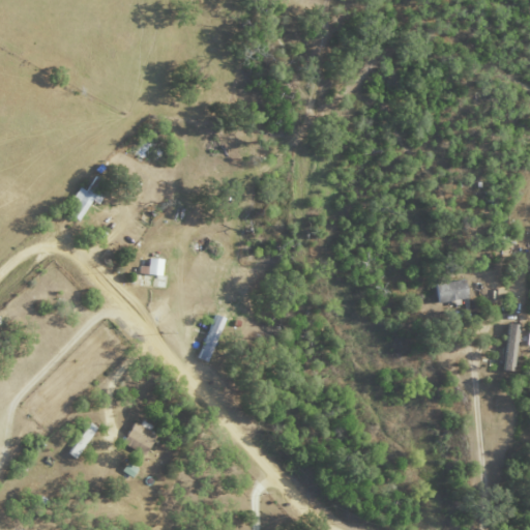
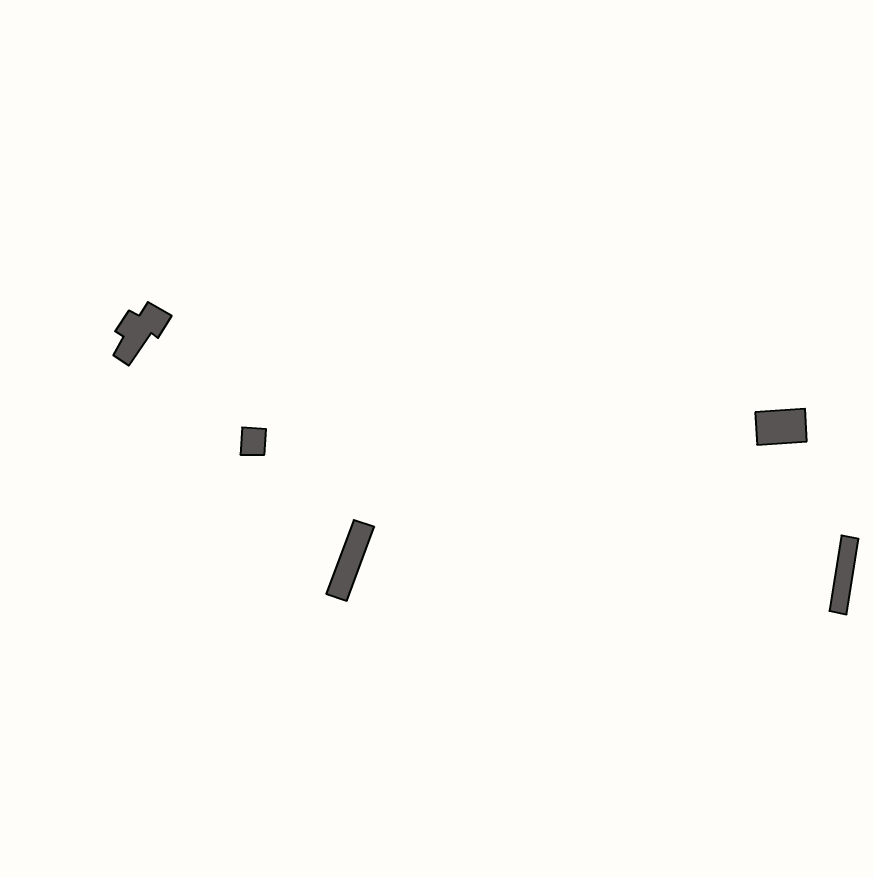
building: [437,279,468,301] -> [755,409,807,445]
building: [127,420,158,447] -> none

